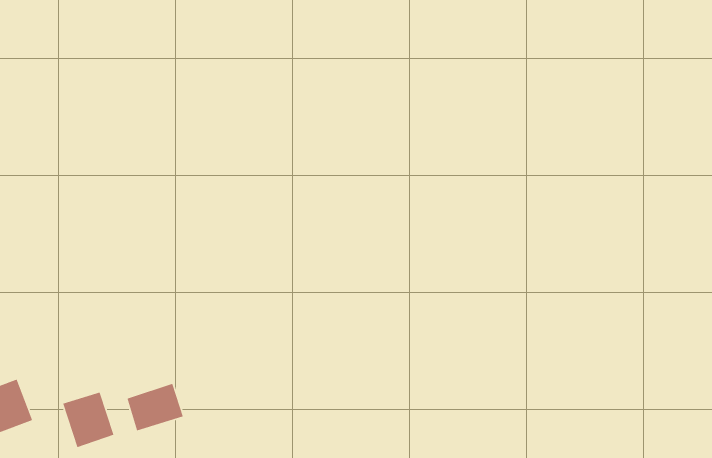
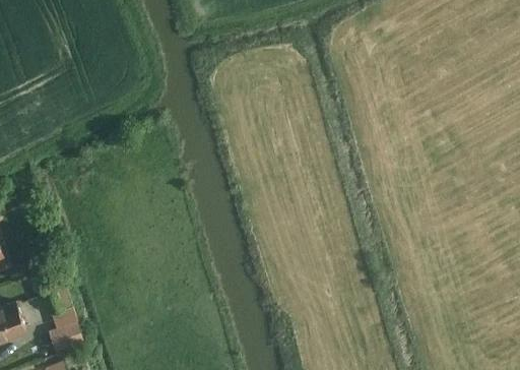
building: [126,383,184,431] -> none

